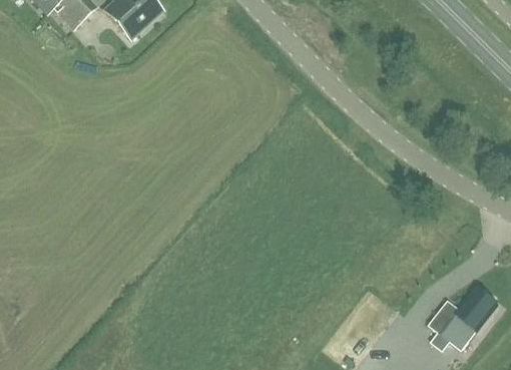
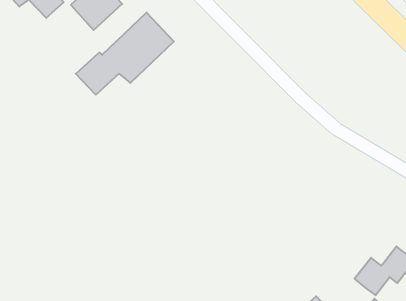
building: none -> [76,12,174,95]

